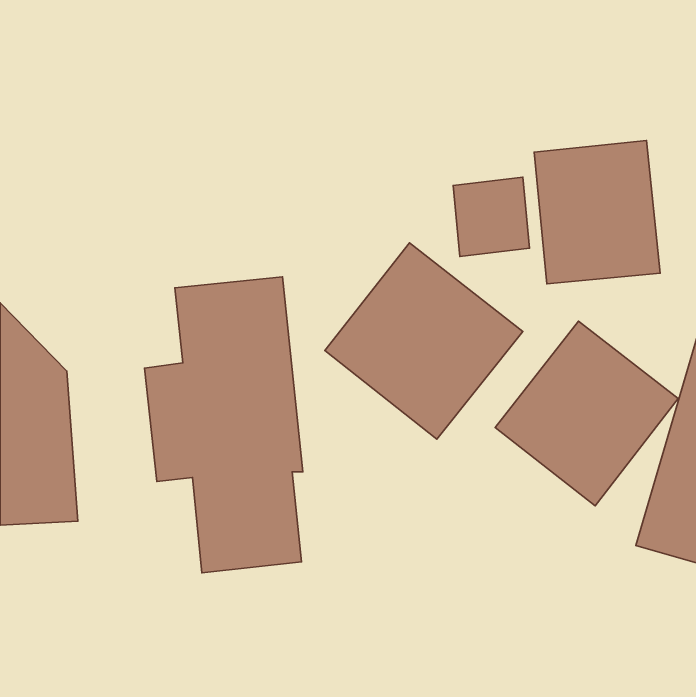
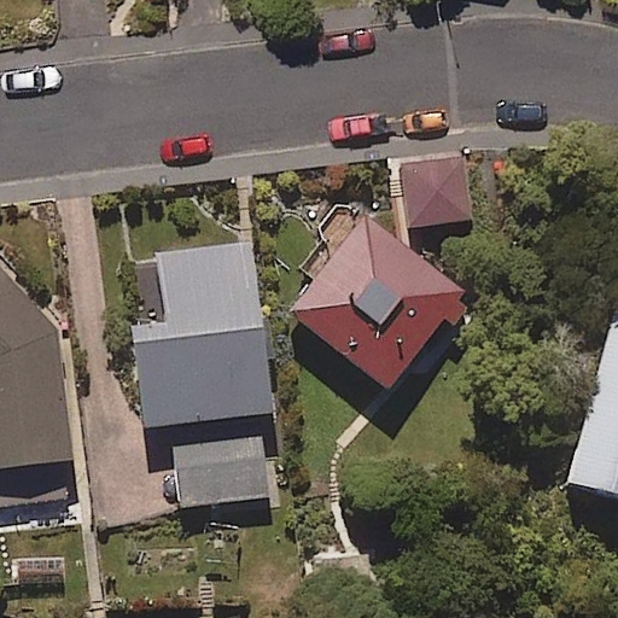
building: [534,141,660,284] -> none
building: [495,321,678,506] -> none

